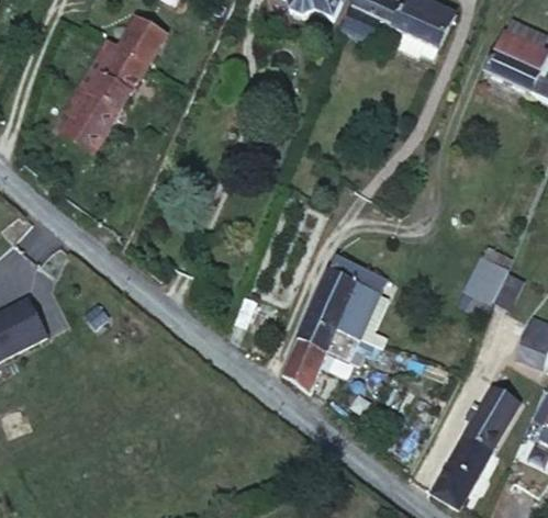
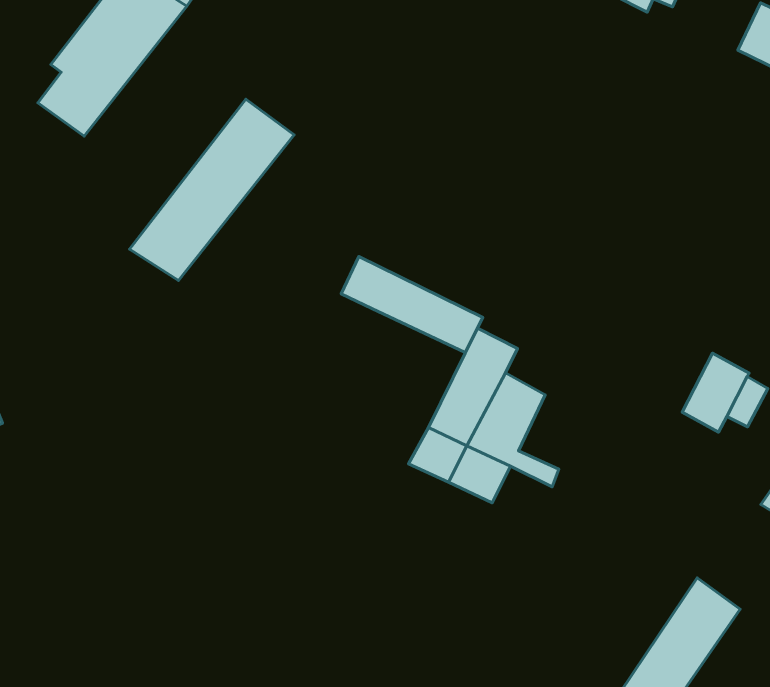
building: none -> [129,99,294,280]
building: none -> [341,256,483,352]
building: [286,338,326,388] -> none

